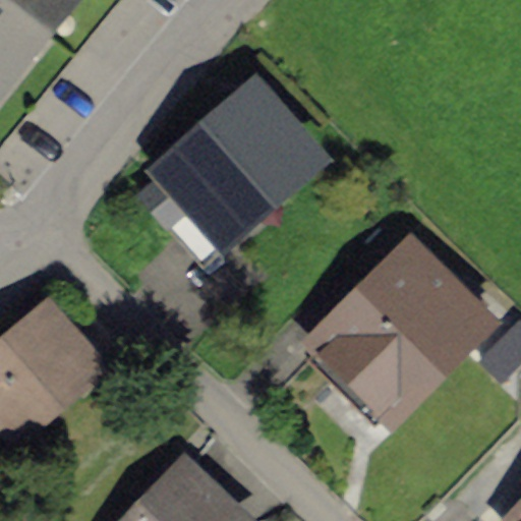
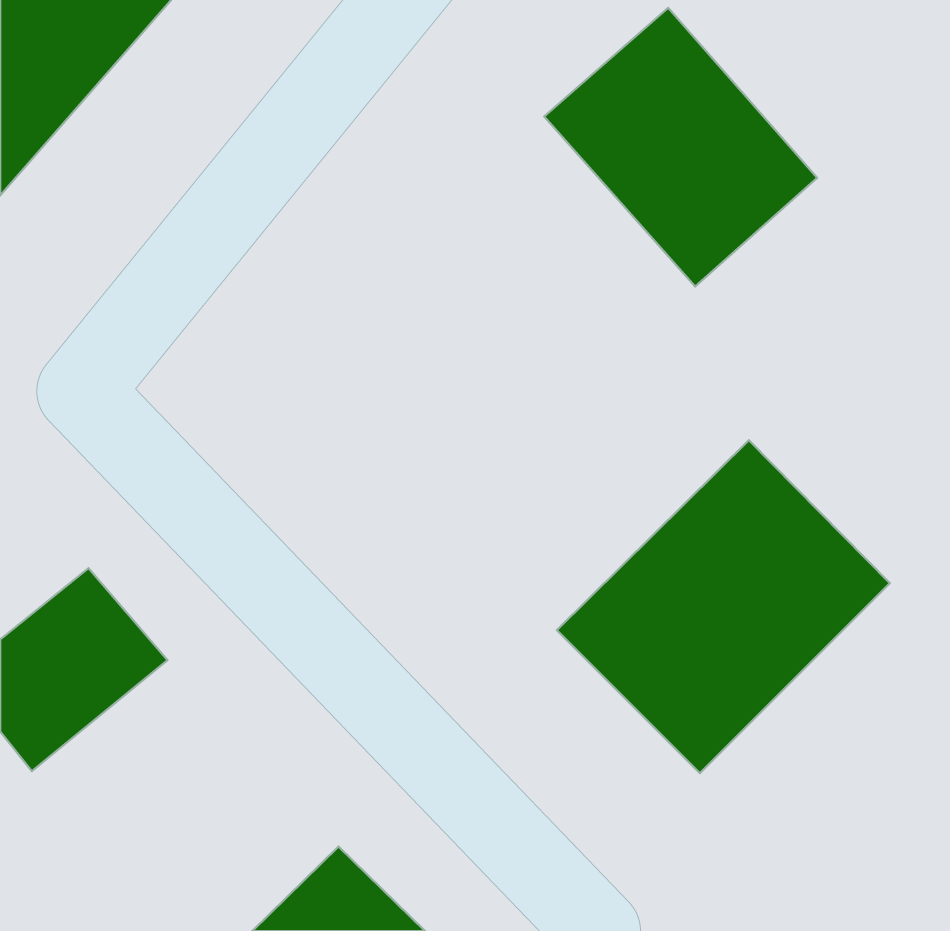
building: none -> [544,8,817,287]
building: [152,82,317,243] -> none

